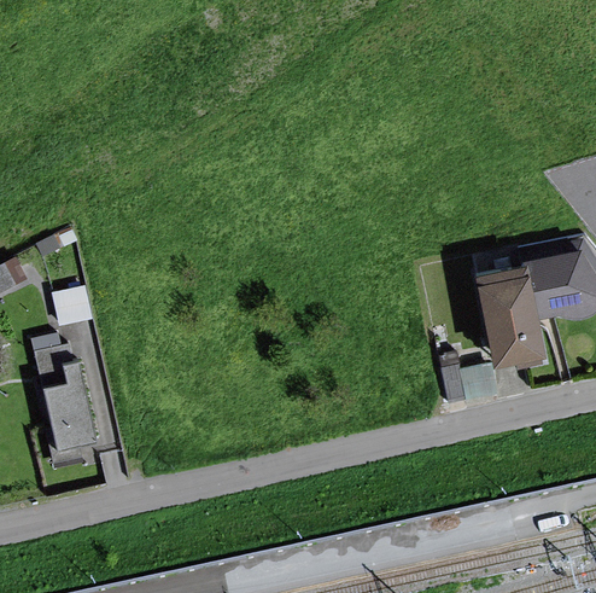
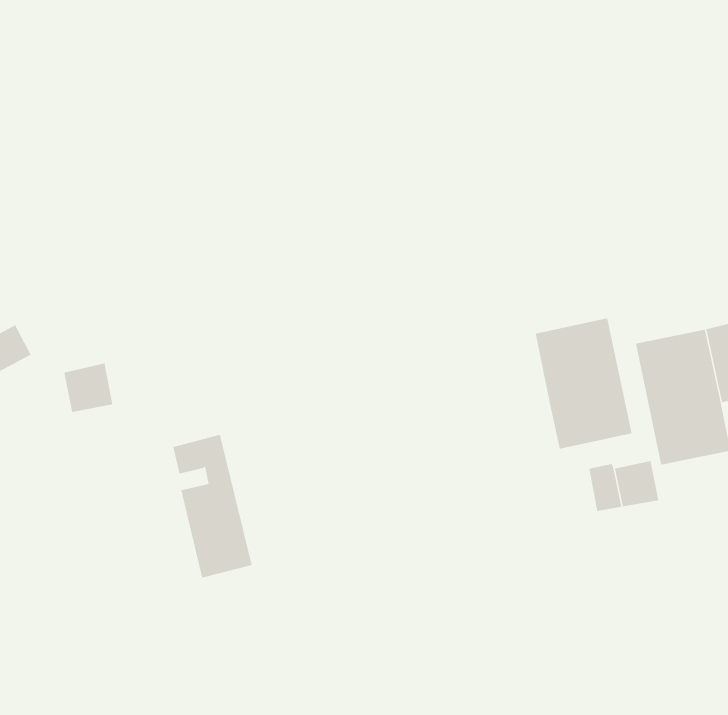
building: none -> [535,317,632,449]
building: [31,343,92,452] -> [173,434,253,578]

